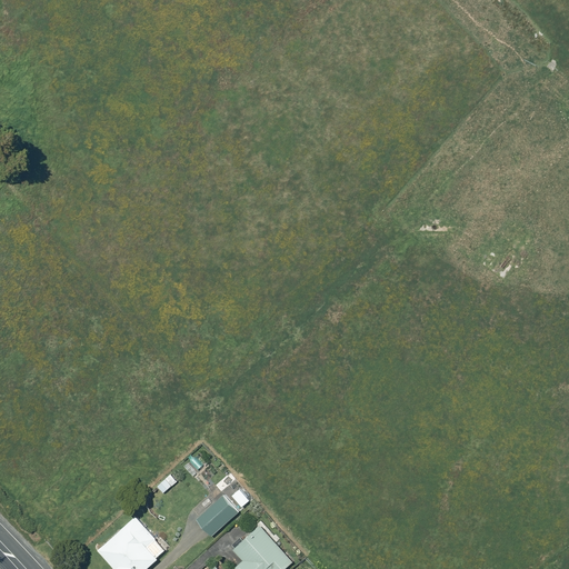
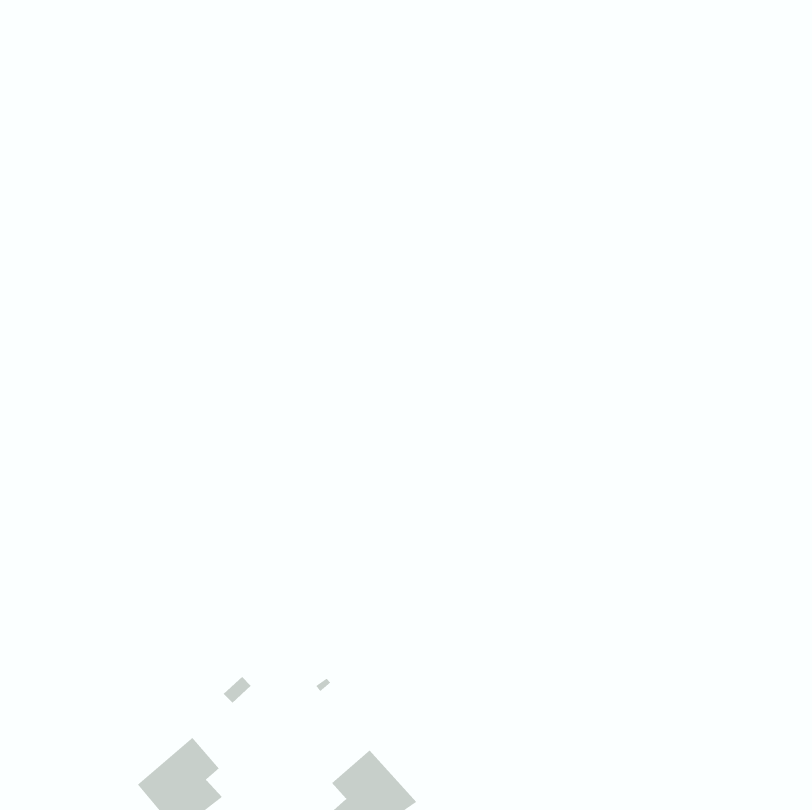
building: [196,496,238,537] -> none

